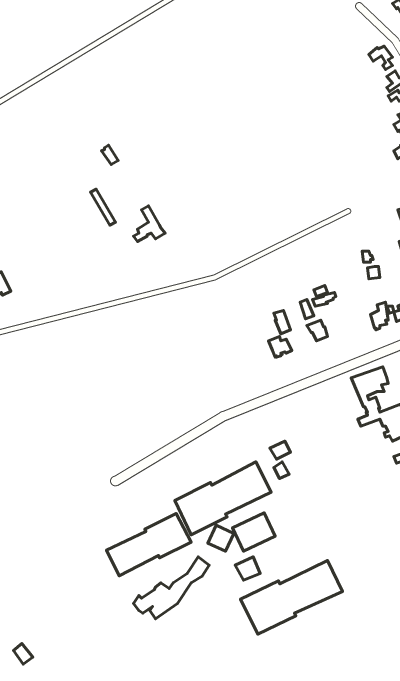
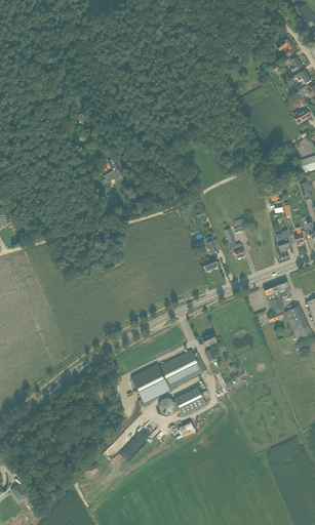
building: [106,514,191,576] -> none
building: [240,560,342,634] -> none

